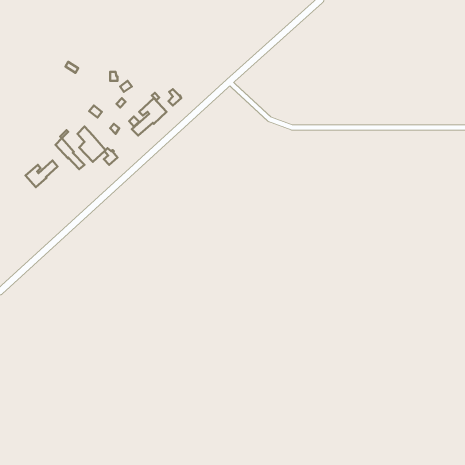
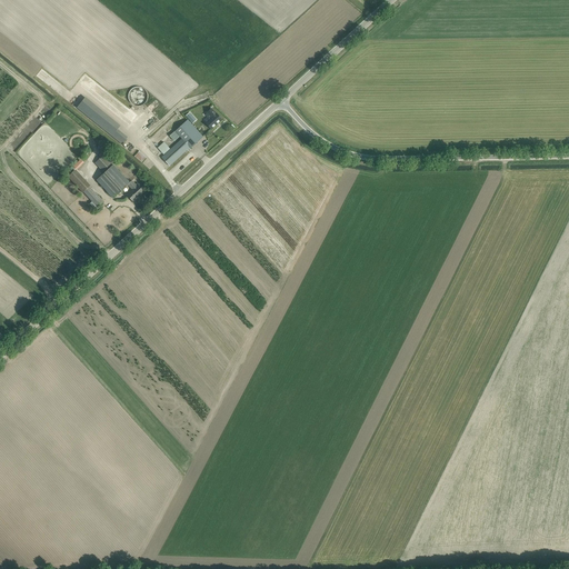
building: [26,161,57,187] -> none

